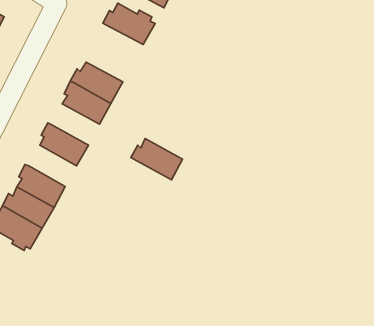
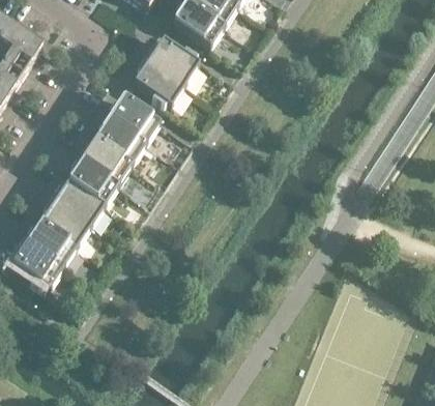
building: none -> [132,60,182,108]
building: [131,139,182,180] -> [76,141,129,186]
building: none -> [48,182,102,228]

